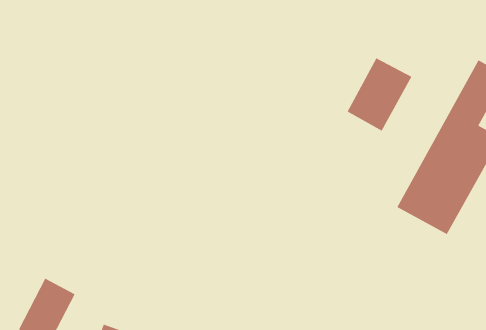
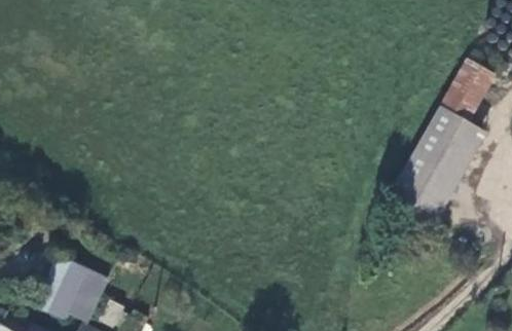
building: [347,57,412,131] -> none

